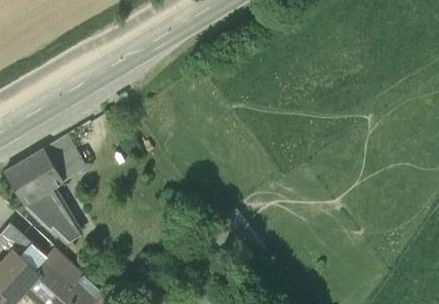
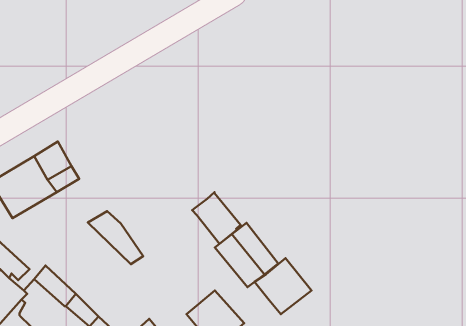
building: none -> [192,192,241,244]
building: [25,194,75,242] -> [88,211,143,264]
building: none -> [255,258,312,314]

